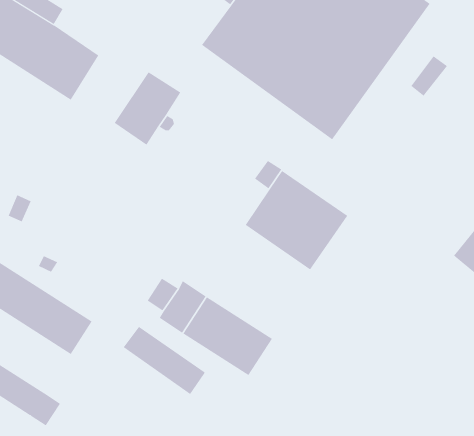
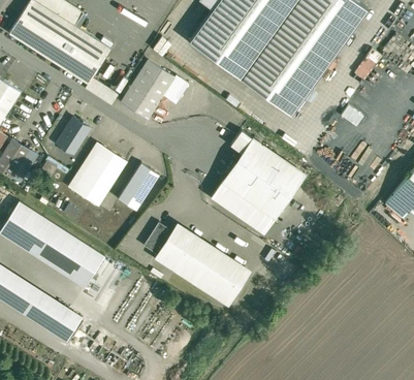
building: none -> [57,119,89,155]
building: none -> [72,146,127,208]
building: none -> [118,164,158,211]
building: [123,326,205,395] -> [210,181,274,234]

